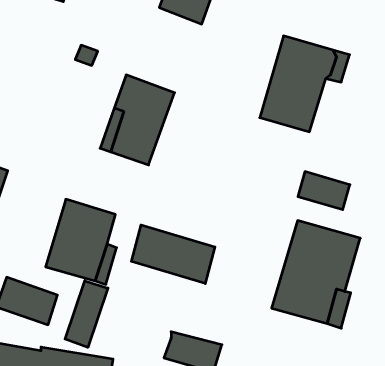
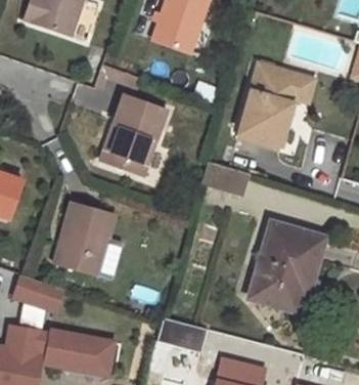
building: [298,172,350,210] -> [203,162,248,195]
building: [131,225,215,284] -> none
building: [65,281,108,347] -> none

